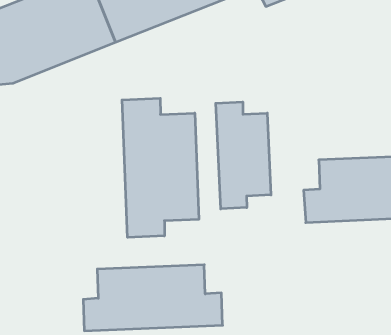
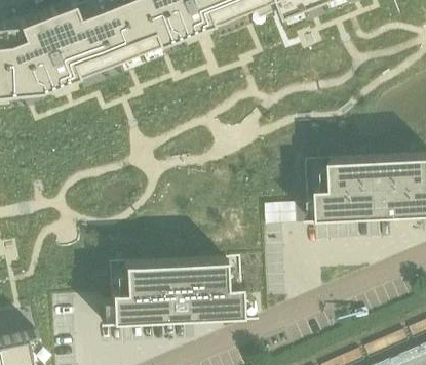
building: [122,98,199,237] -> none
building: [216,102,271,209] -> none

